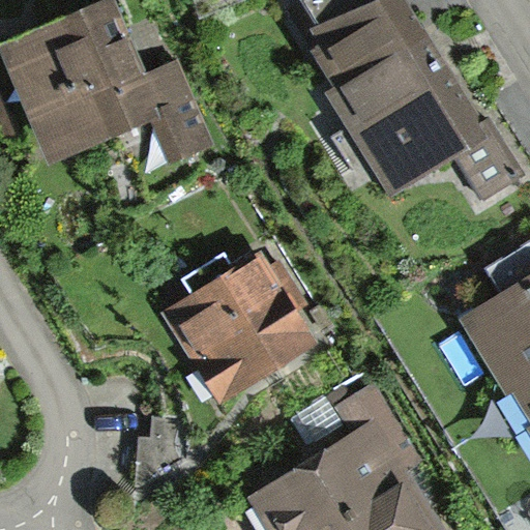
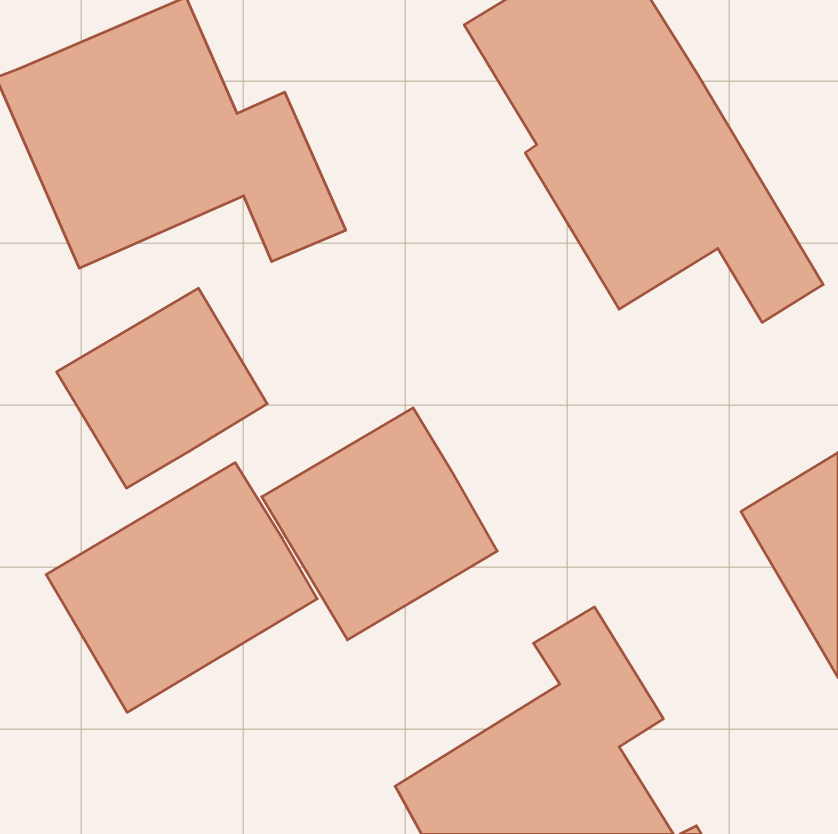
building: none -> [57,288,267,488]
building: none -> [46,463,317,712]

